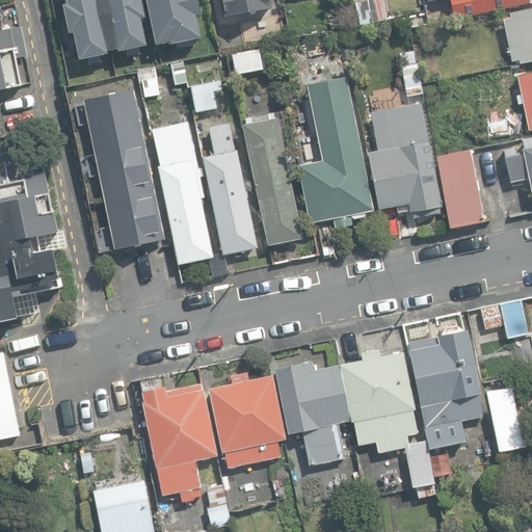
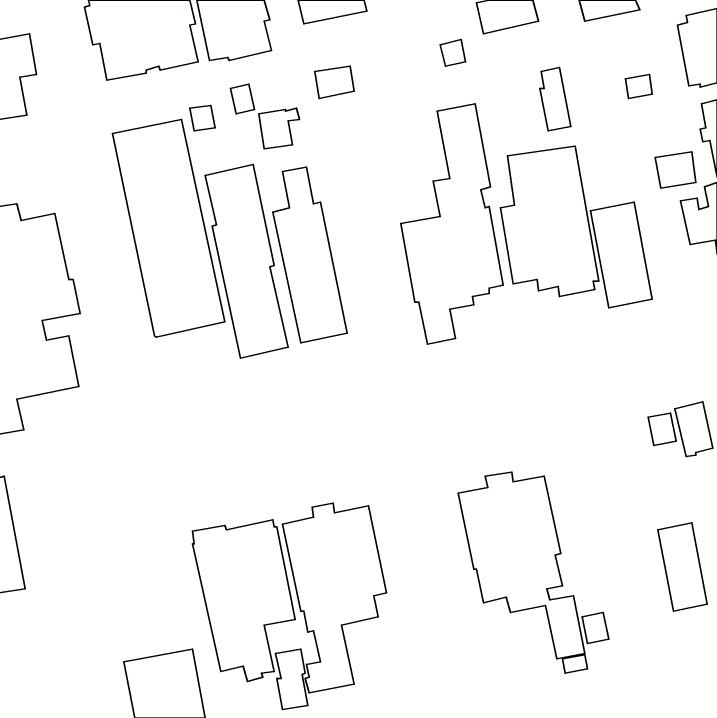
building: [241,115,303,245] -> none
building: [408,325,484,450] -> none
building: [273,361,348,463] -> none

